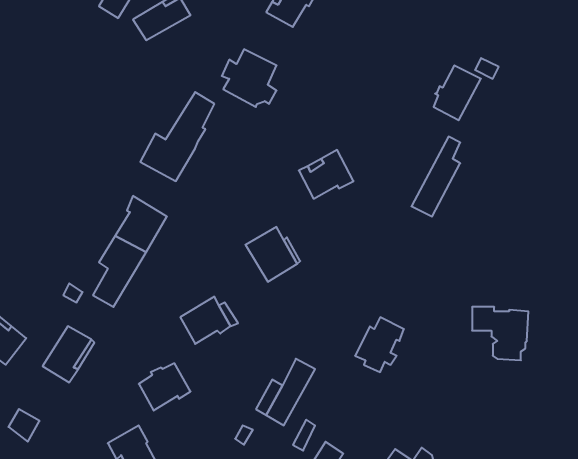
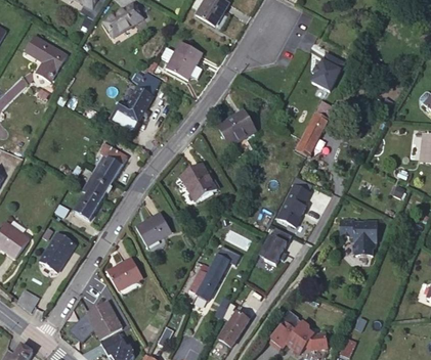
building: none -> [26,36,67,81]
building: none -> [276,177,312,225]

